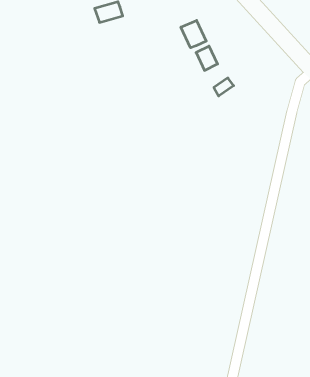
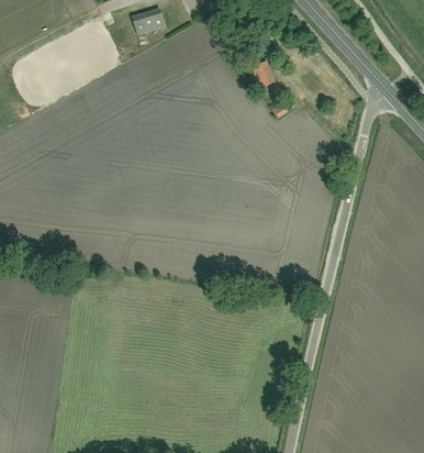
building: [181,20,206,48] -> none

